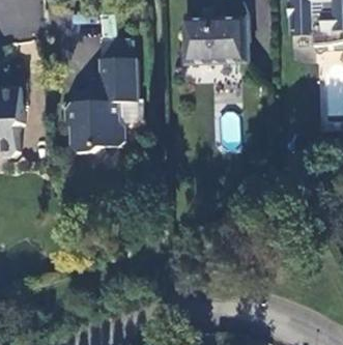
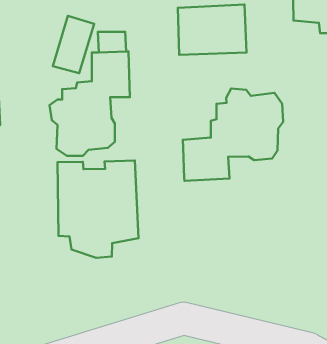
building: none -> [183,88,283,181]
building: none -> [58,160,138,258]

